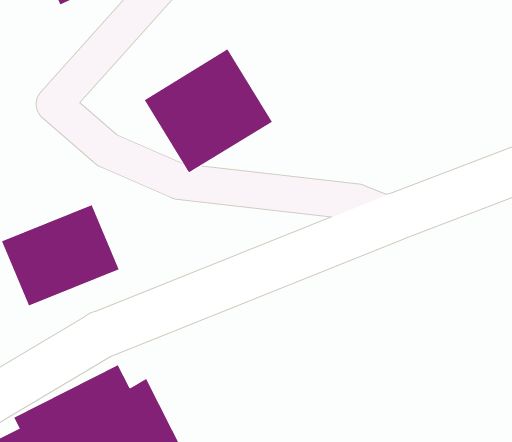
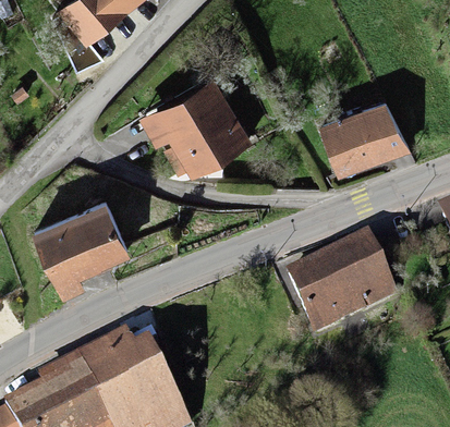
building: none -> [323,101,404,179]
building: none -> [289,235,396,330]

